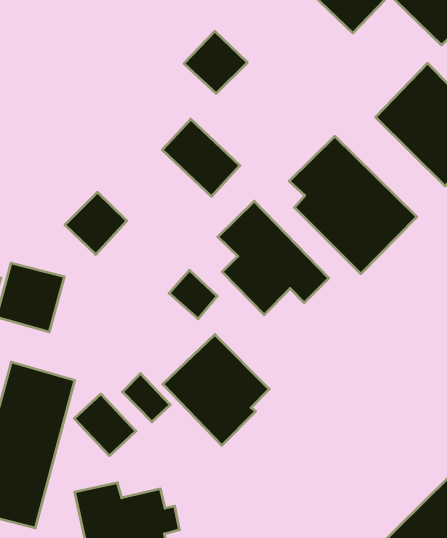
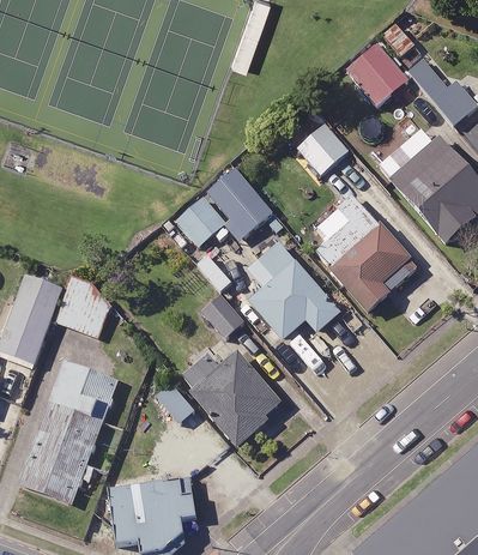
building: [184,31,247,93] -> [295,122,349,175]
building: [65,192,127,255] -> [173,195,225,248]
building: [74,394,136,456] -> none

